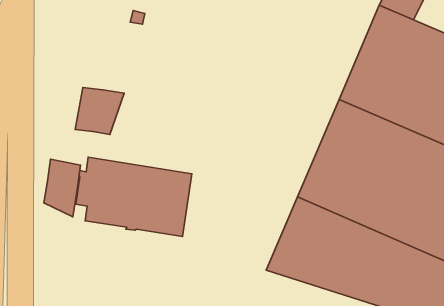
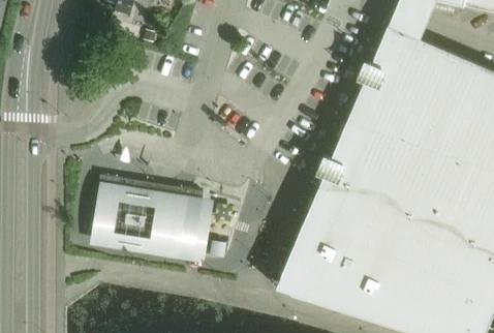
building: [75,88,124,135] -> none
building: [44,159,80,217] -> none

